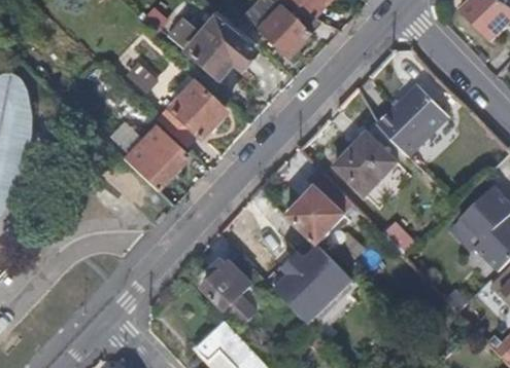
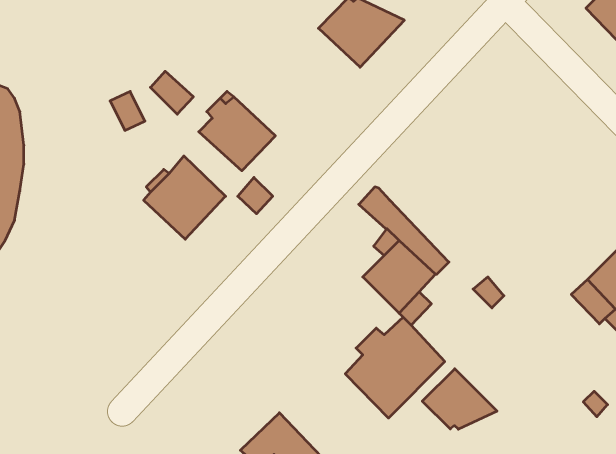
building: [166,13,251,75] -> none
building: [375,81,450,157] -> none
building: [335,135,400,198] -> none
building: [204,260,272,311] -> none
building: none -> [422,369,497,429]

